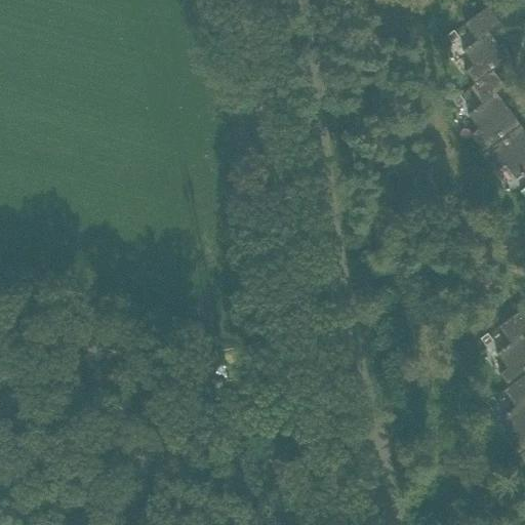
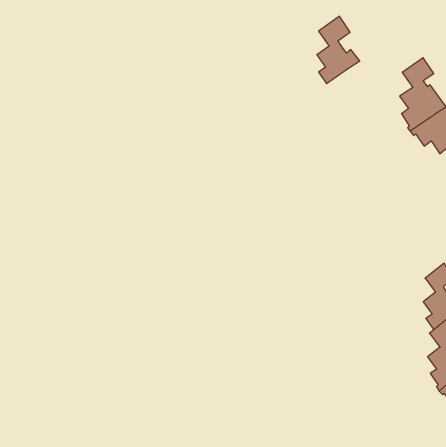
building: [461,6,512,85] -> [317,16,360,84]

